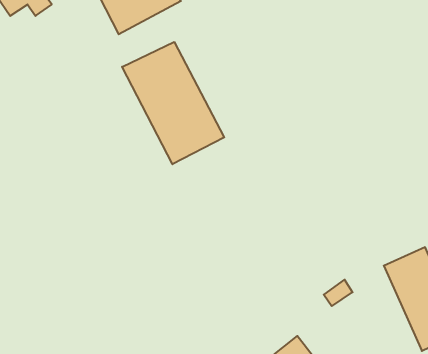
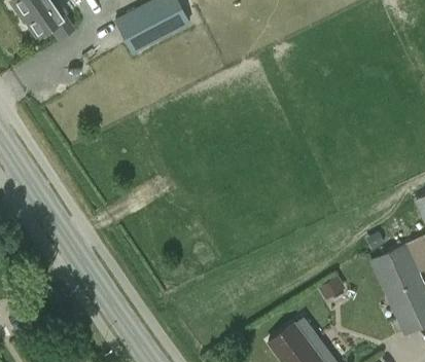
building: [122,42,224,164] -> none

